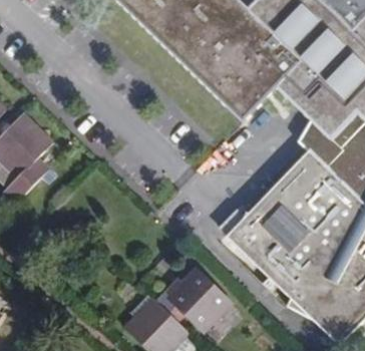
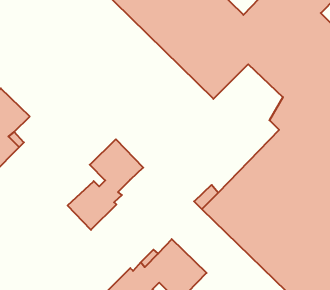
building: none -> [68,139,143,230]

